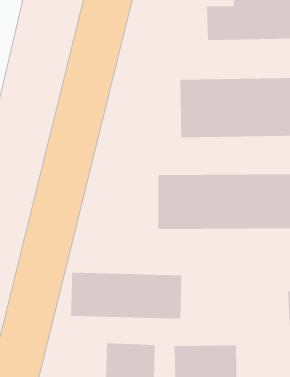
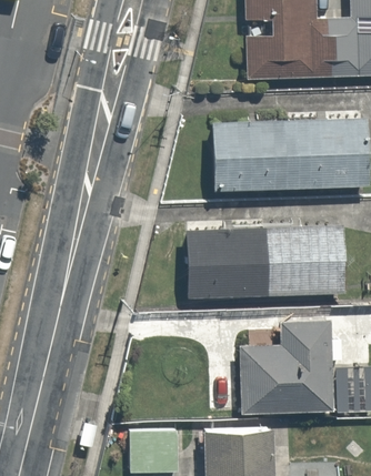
building: none -> [241,321,335,414]
building: [70,272,182,319] -> none

